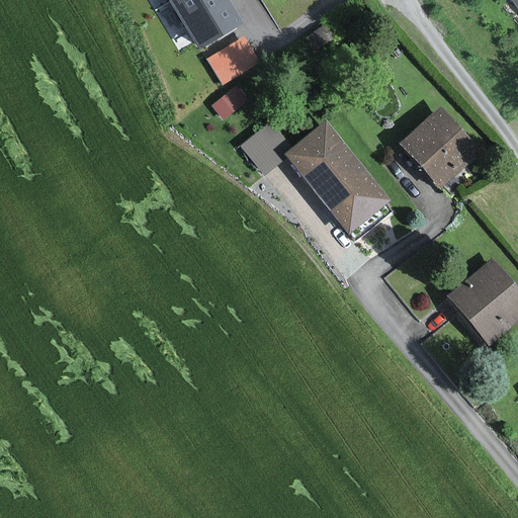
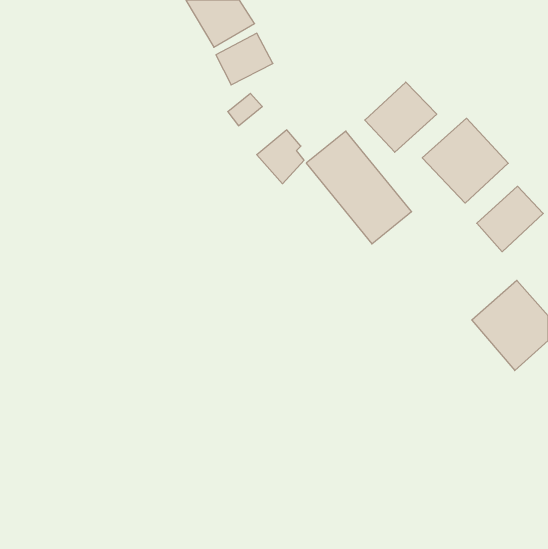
building: none -> [365,82,437,152]
building: none -> [477,186,543,252]

